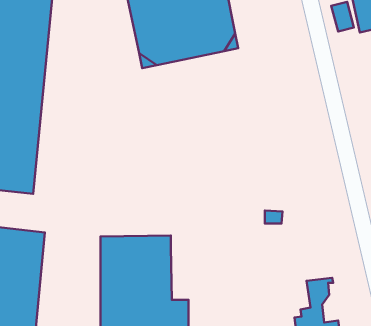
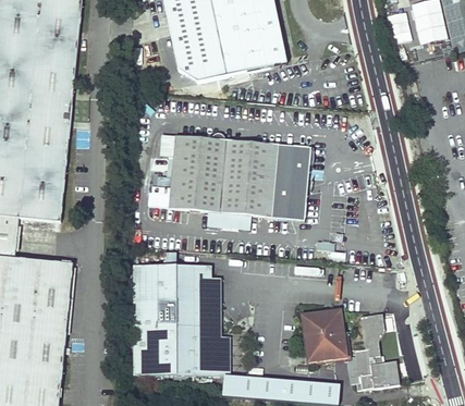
building: none -> [147,133,313,218]
building: none -> [301,310,347,361]

